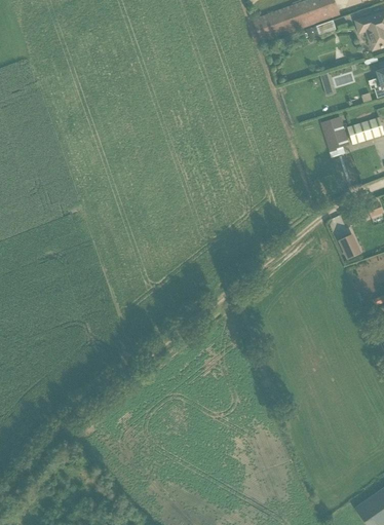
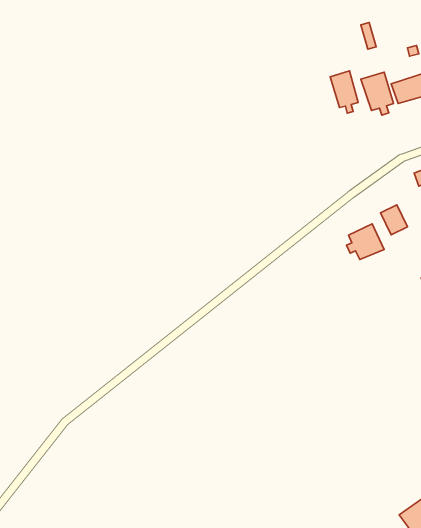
building: none -> [330,71,358,113]
building: none -> [347,224,384,260]

